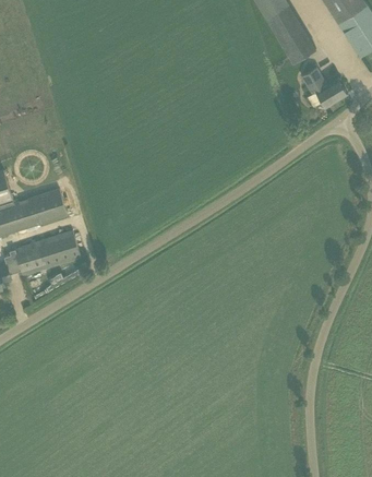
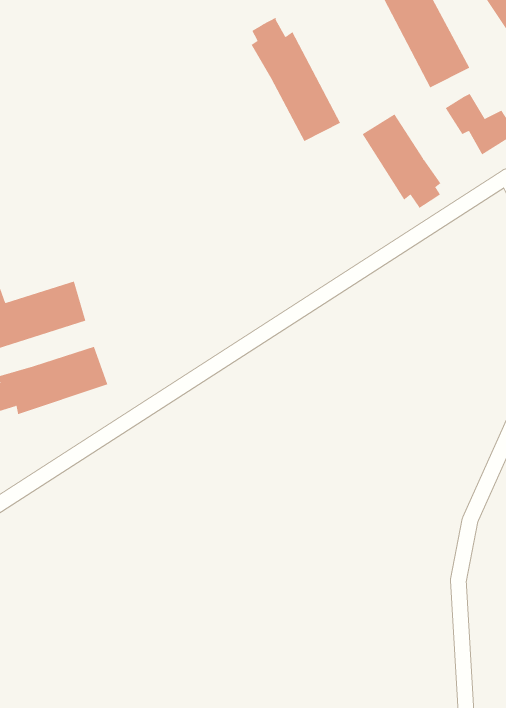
building: none -> [251,17,341,142]
building: none -> [362,114,441,209]

